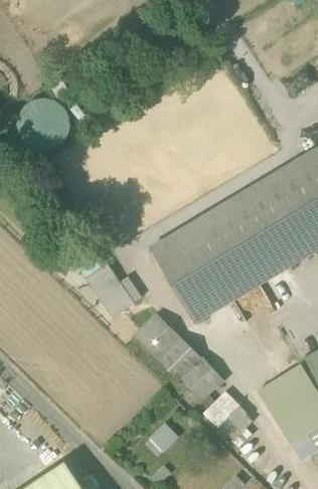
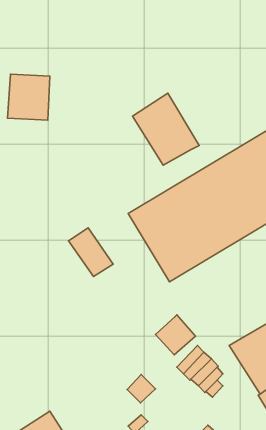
building: none -> [133,93,199,165]
building: [136,315,200,377] -> none

